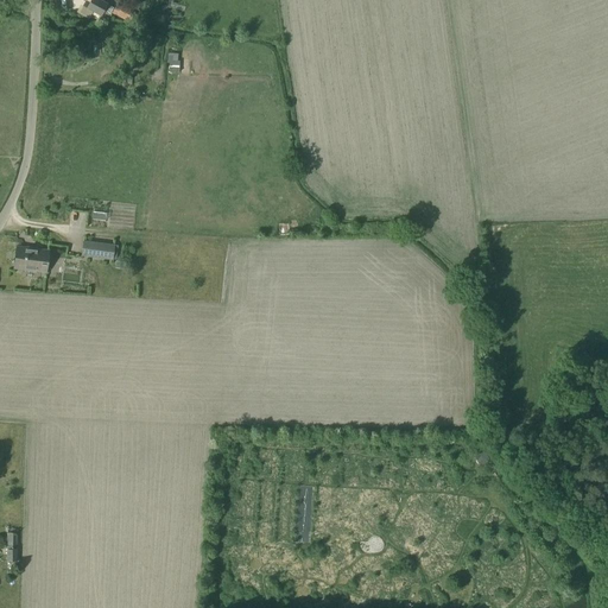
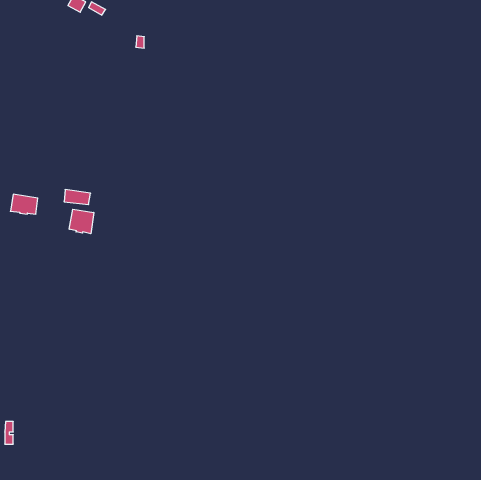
building: none -> [69,209,94,234]

